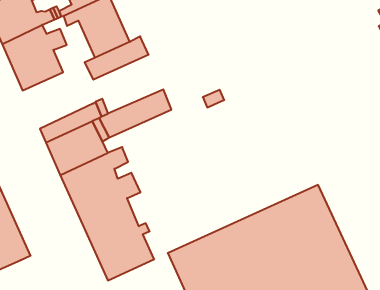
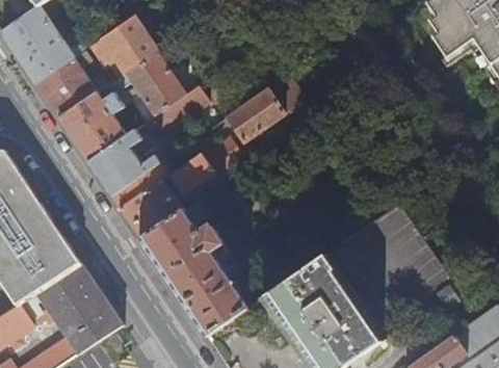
building: none -> [227,77,300,139]
building: none -> [87,130,160,196]

